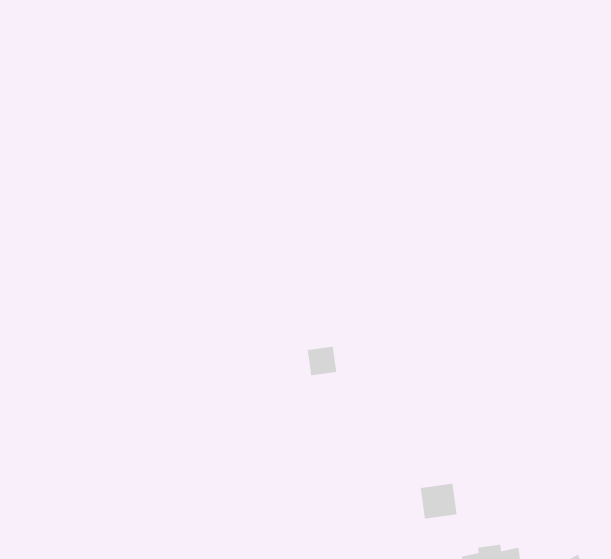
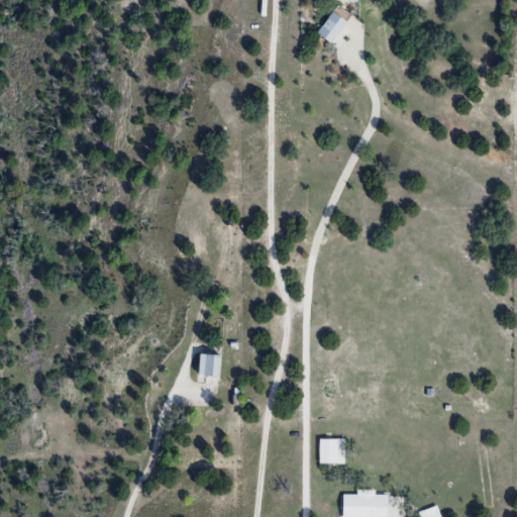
building: [307,346,337,376] -> [204,356,224,377]

